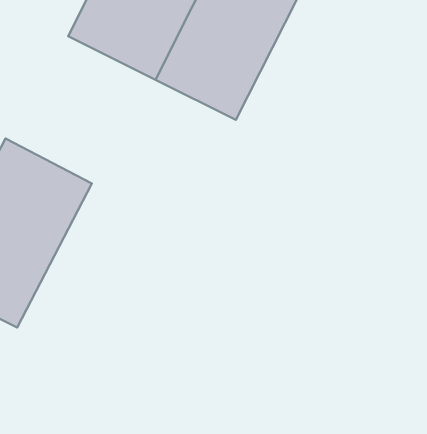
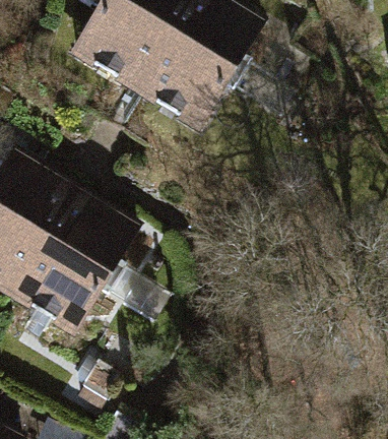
building: none -> [18,194,150,354]

